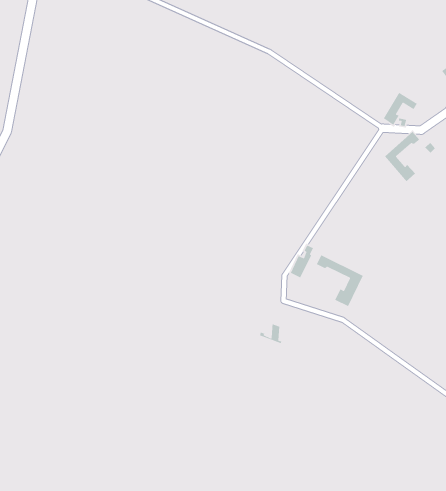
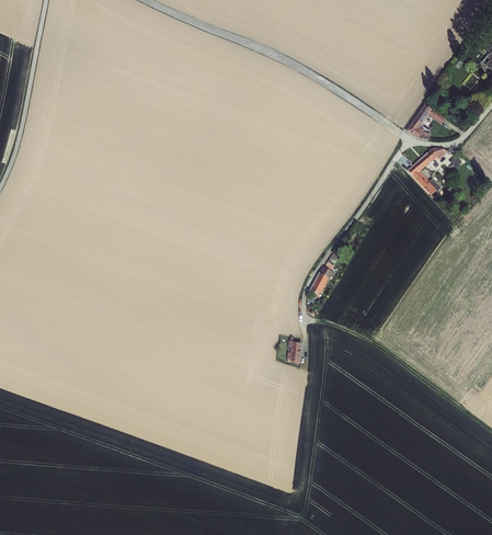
building: [316,254,364,307] -> none

